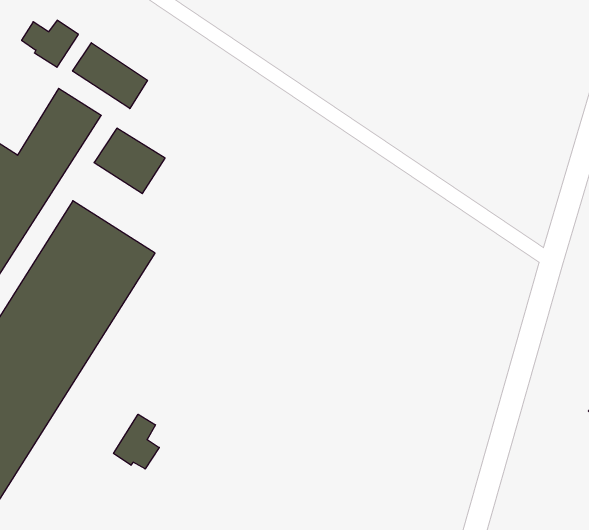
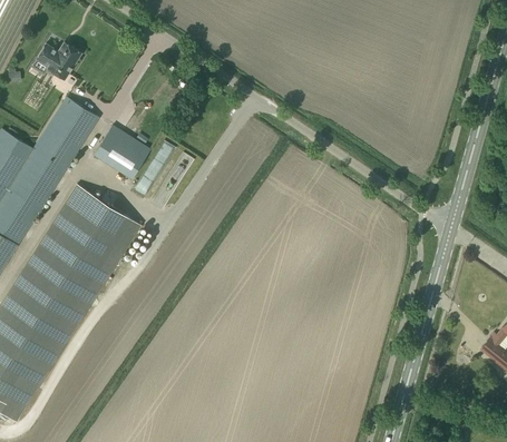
building: [73,43,147,109] -> none
building: [114,414,159,469] -> none

